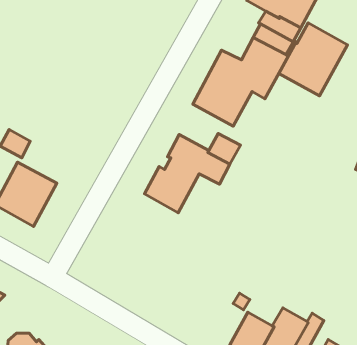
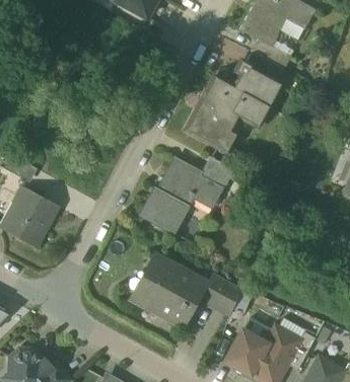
building: [279,23,347,96] -> none
building: none -> [130,254,206,325]
building: none -> [203,276,238,313]

